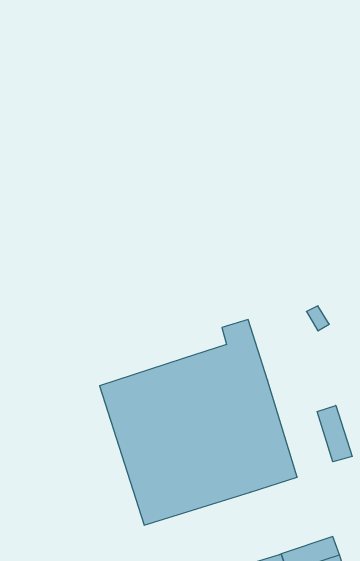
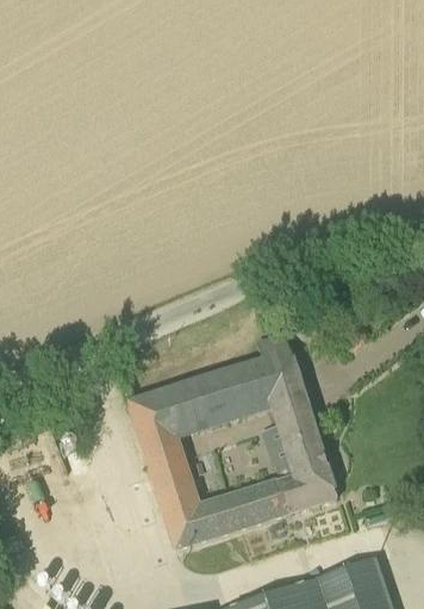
building: [317,405,352,462] -> none

